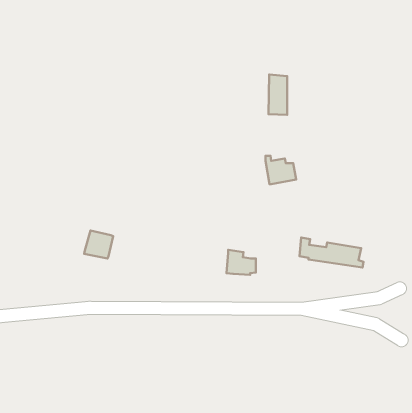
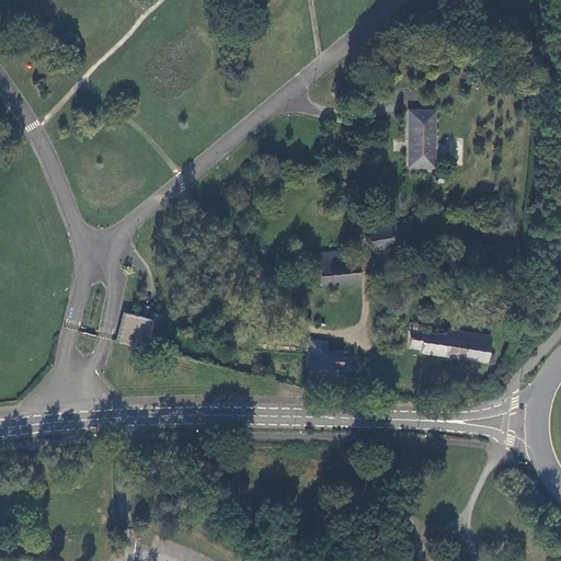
building: [268,75,287,115] -> [409,112,434,167]
building: none -> [316,251,360,286]

